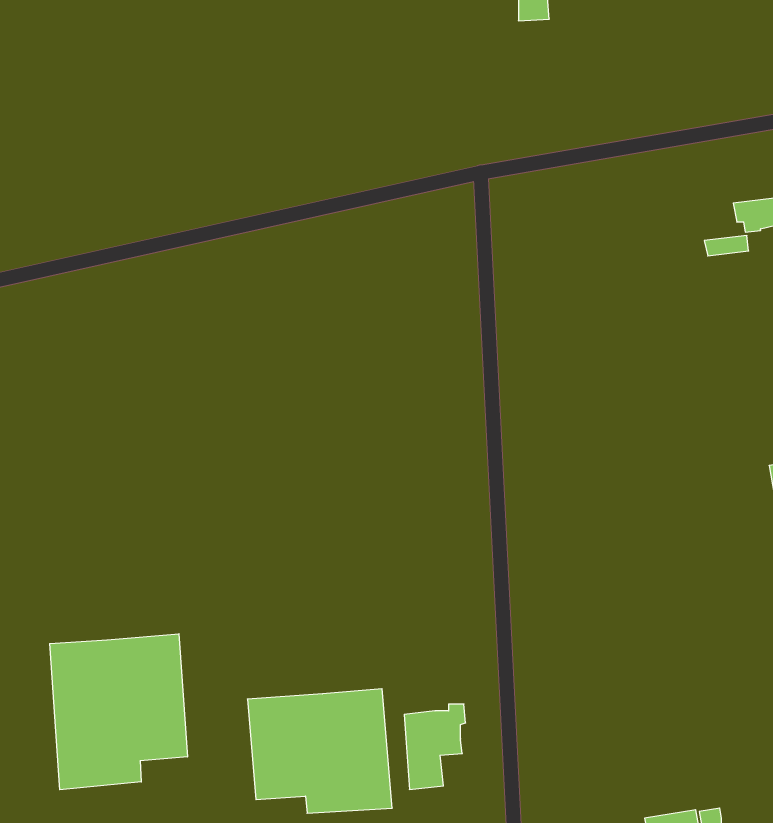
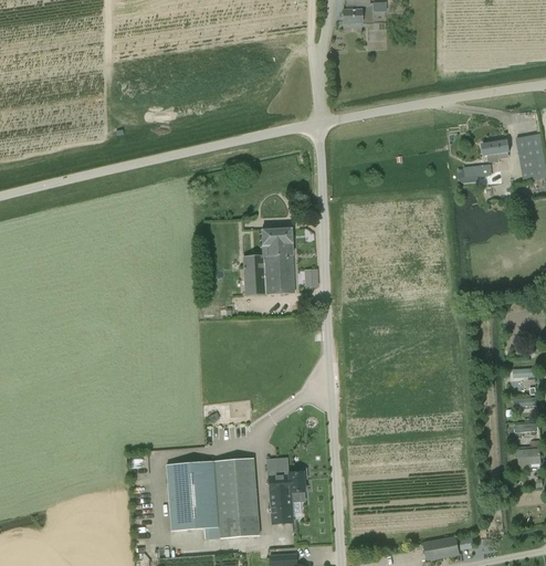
building: none -> [242,228,294,295]
building: [50,634,187,790] -> none

